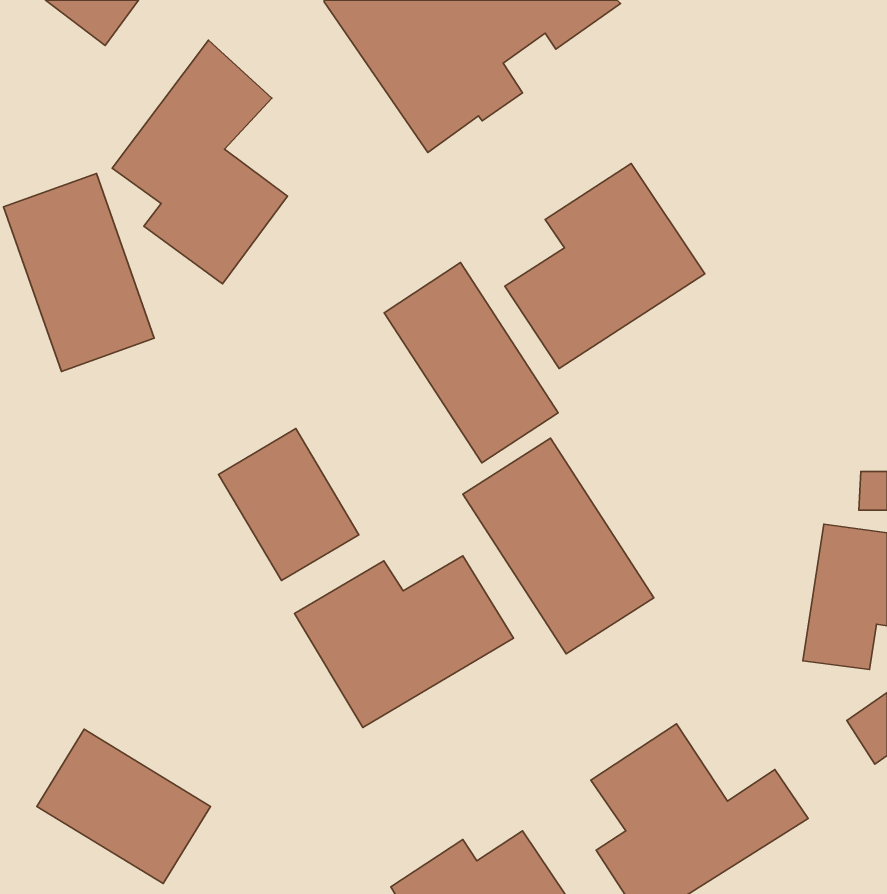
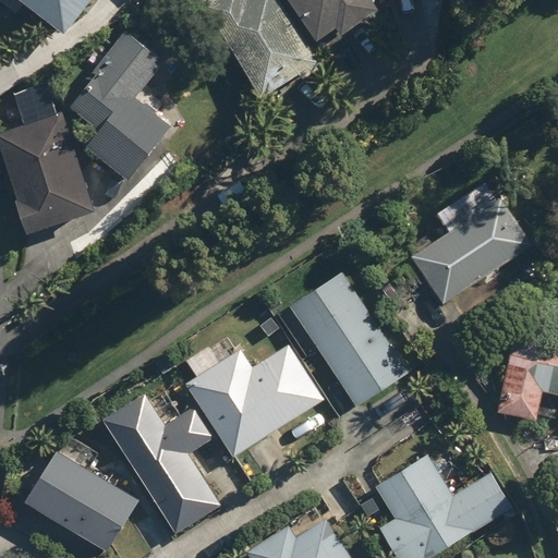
building: [505,164,705,369] -> [412,175,536,303]
building: [384,262,558,463] -> none
building: [219,429,359,581] -> none
building: none -> [101,398,219,535]

